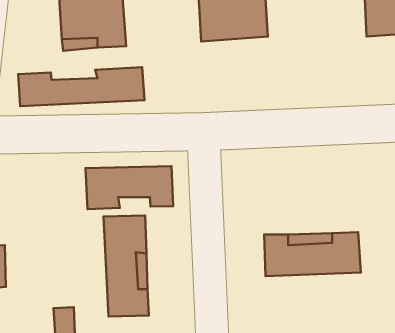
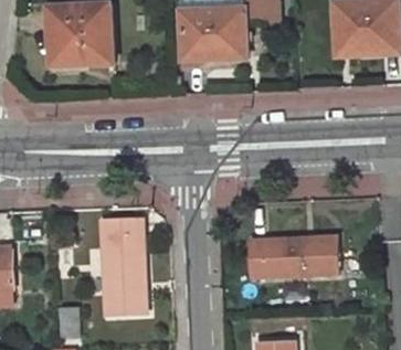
building: [18,67,145,106] -> none
building: [86,166,173,209] -> none

